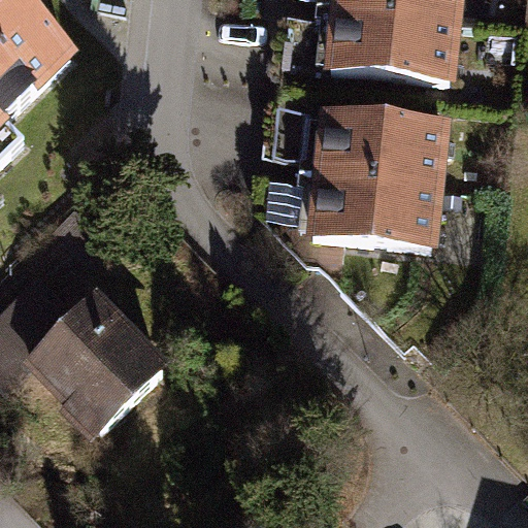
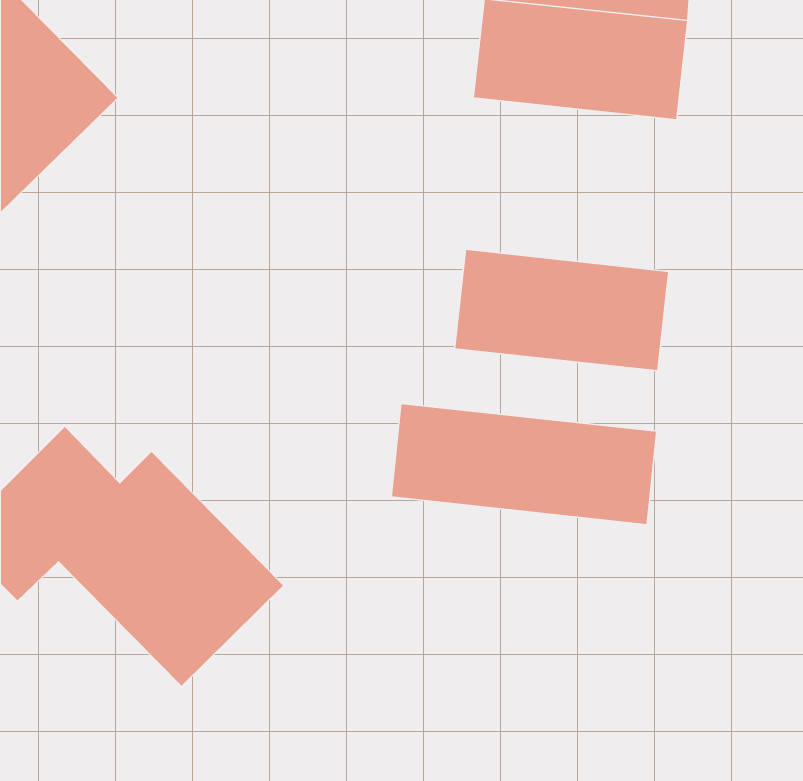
building: [306,102,446,177] -> none
building: none -> [391,403,657,525]

